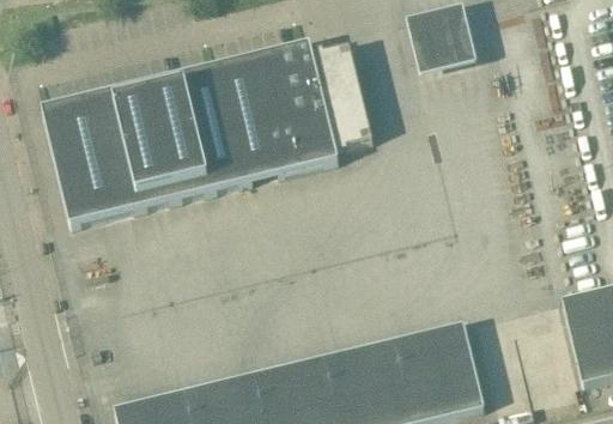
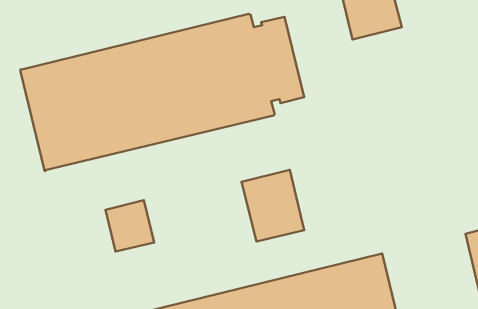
building: none -> [241,170,304,242]
building: none -> [105,200,154,252]

